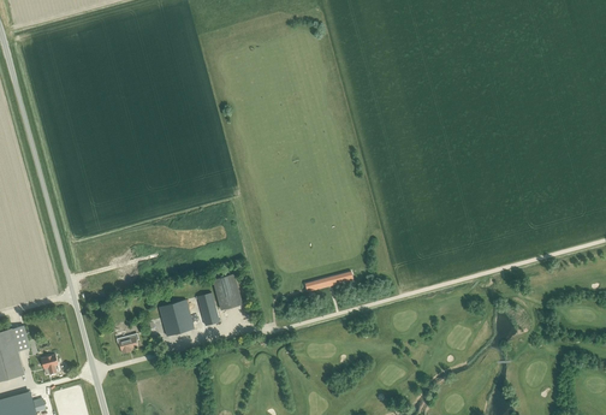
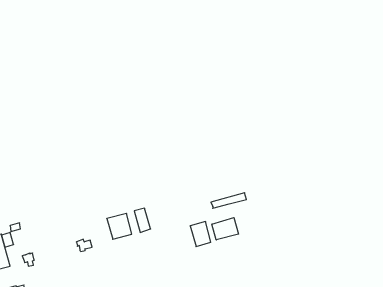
building: [212,274,240,309] -> [190,222,211,247]
building: none -> [212,218,239,240]

